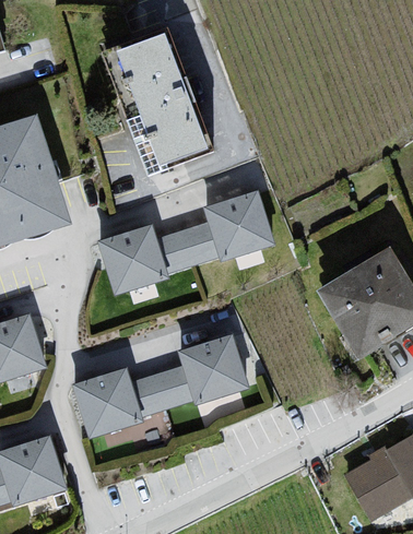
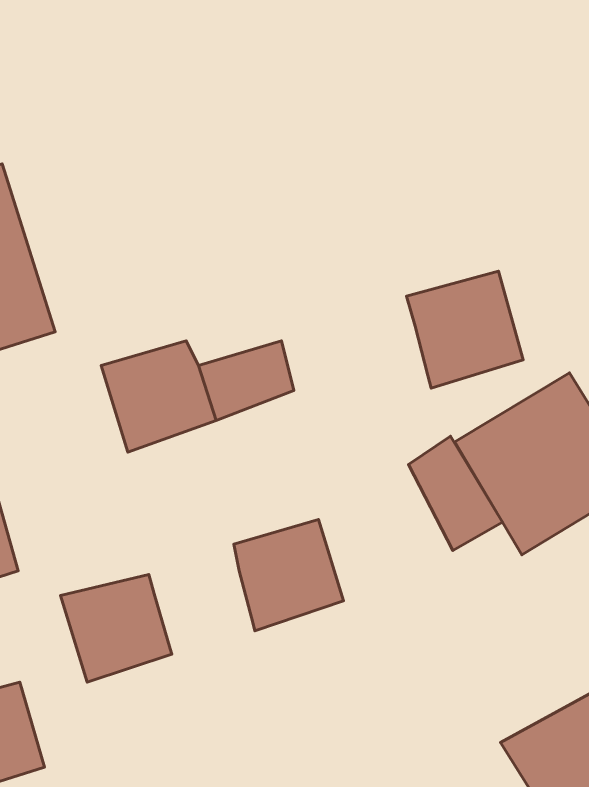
building: [110,32,212,174] -> none
building: [202,192,274,264] -> [406,271,523,388]
building: none -> [409,436,502,550]
building: [129,368,190,416] -> none

